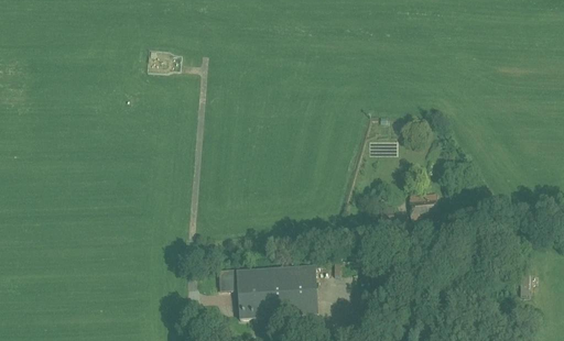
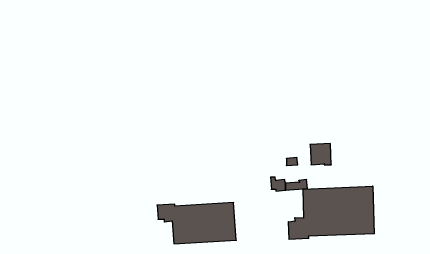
building: none -> [288,186,374,239]

